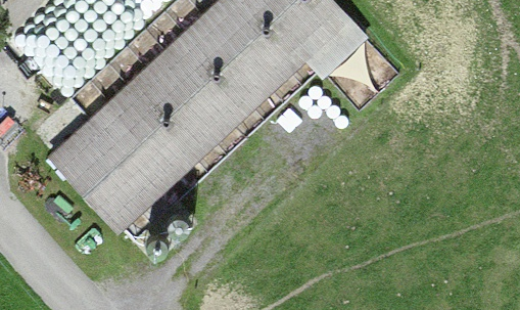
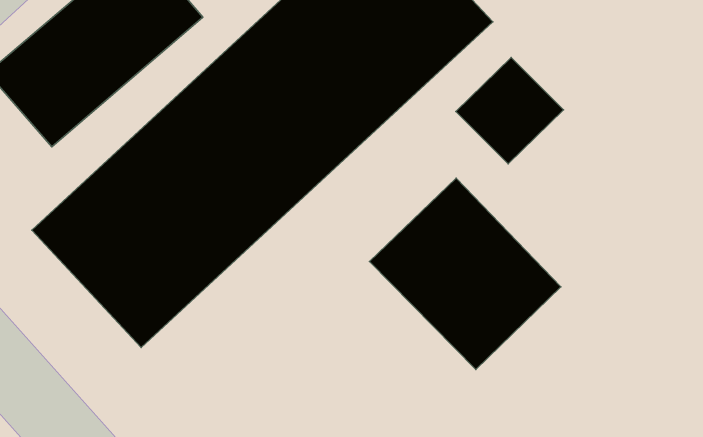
building: none -> [369,178,561,370]

